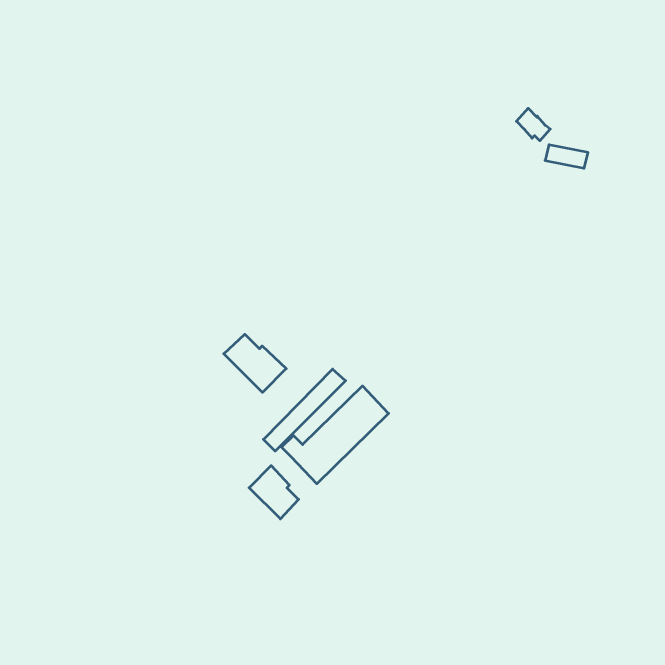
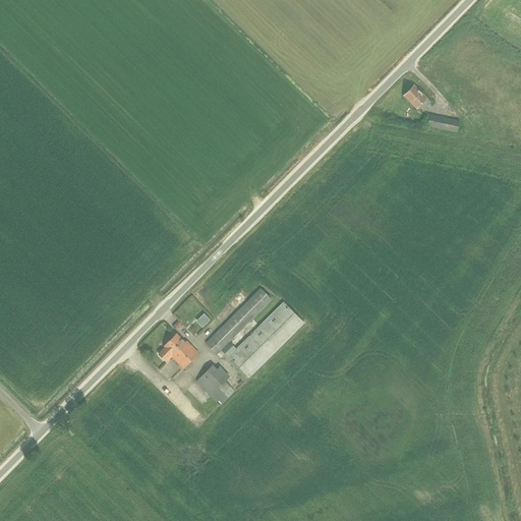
building: [224,334,286,392] -> none
building: none -> [157,333,197,365]

